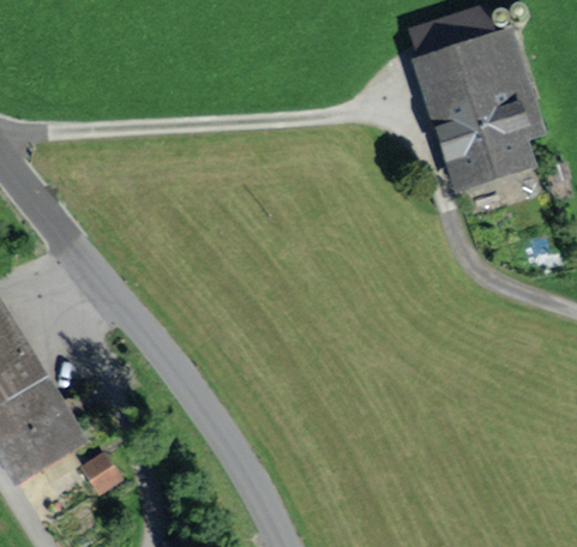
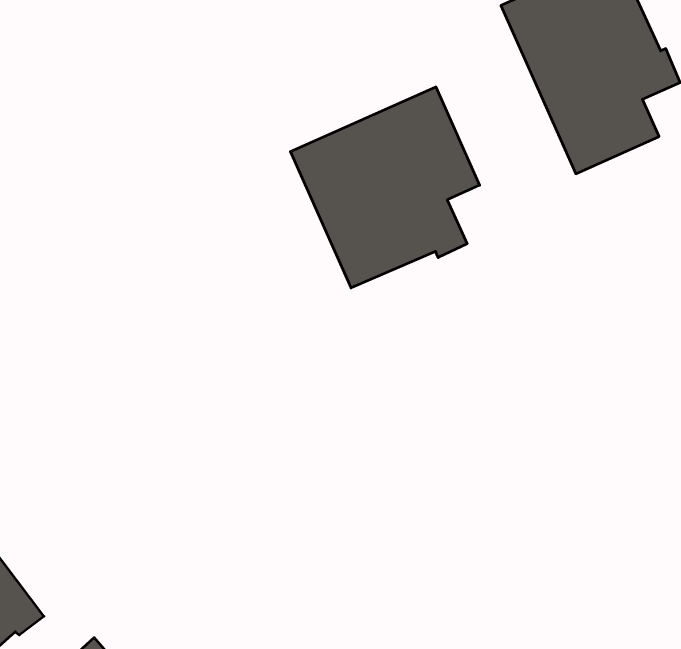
building: none -> [290,87,480,288]

